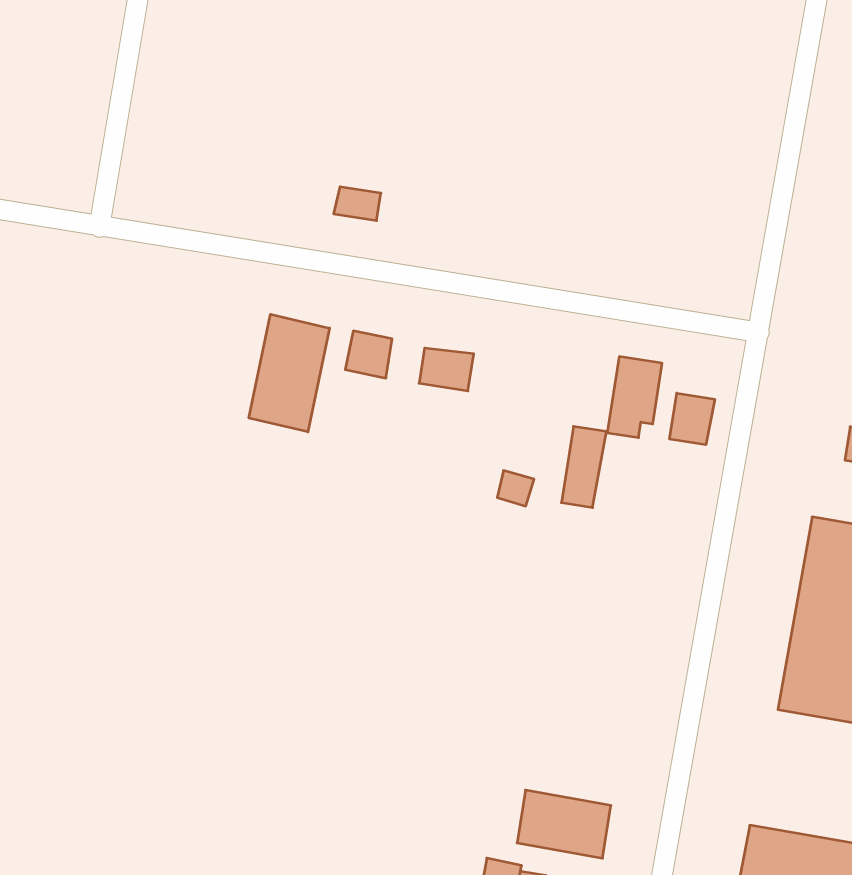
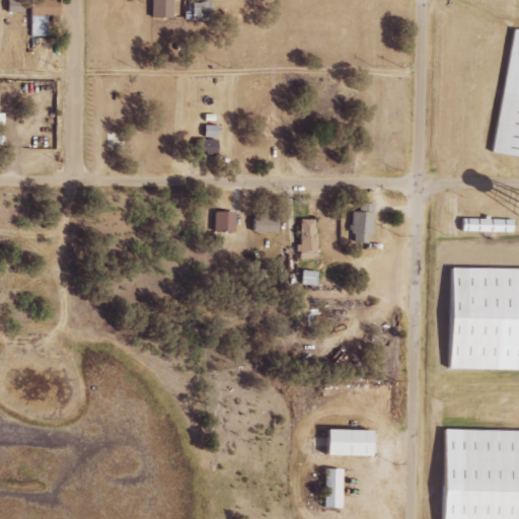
building: [249,314,330,432] -> none
building: [670,393,715,445] -> none
building: [561,426,607,508] -> [296,218,313,257]

